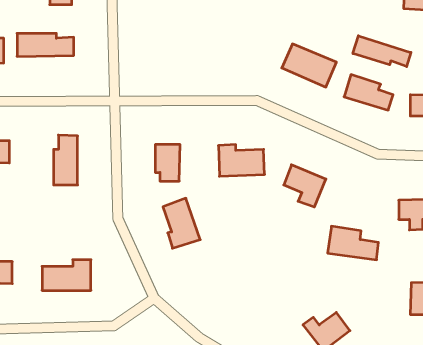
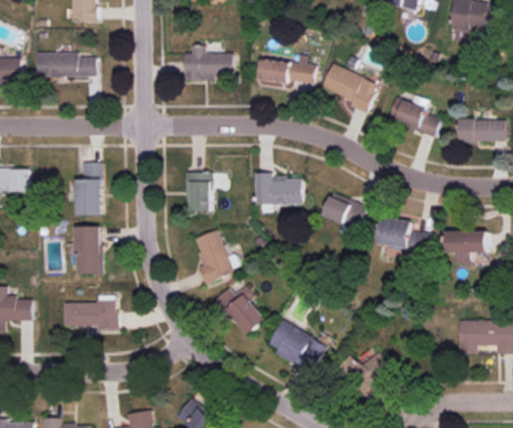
building: none -> [183,46,232,79]
building: [353,36,411,67] -> none
building: none -> [258,59,316,85]
building: none -> [73,227,100,275]
building: [328,226,378,260] -> [375,217,430,252]
building: none -> [214,285,266,337]
building: none -> [268,321,325,373]

